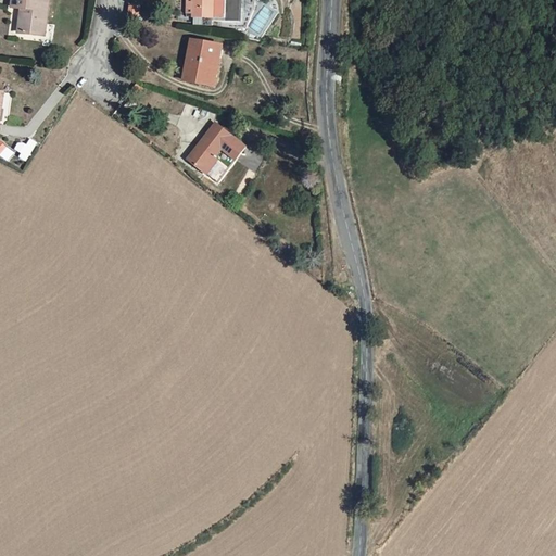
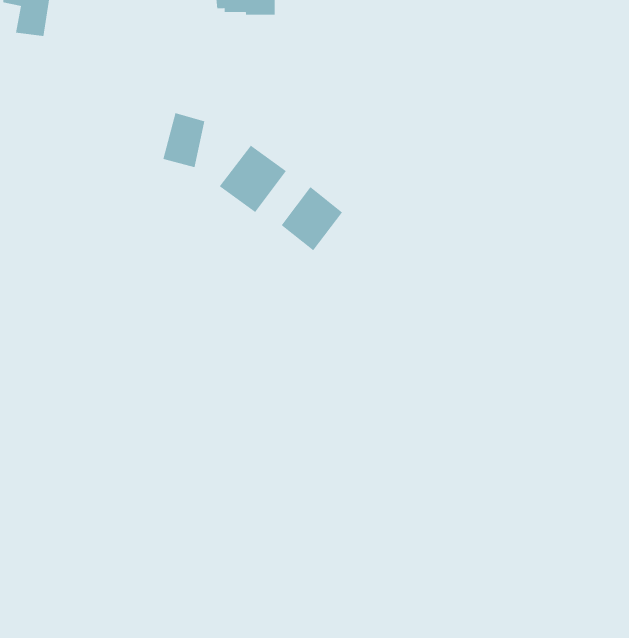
building: [181,34,218,81] -> [162,112,205,168]
building: none -> [281,186,343,251]

